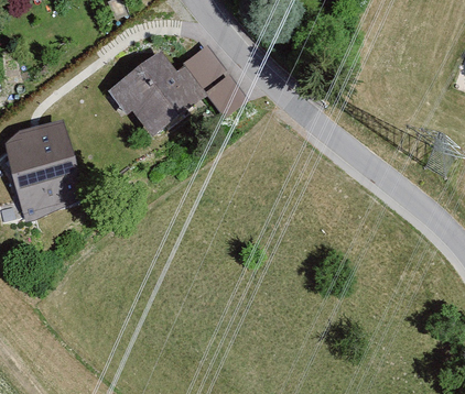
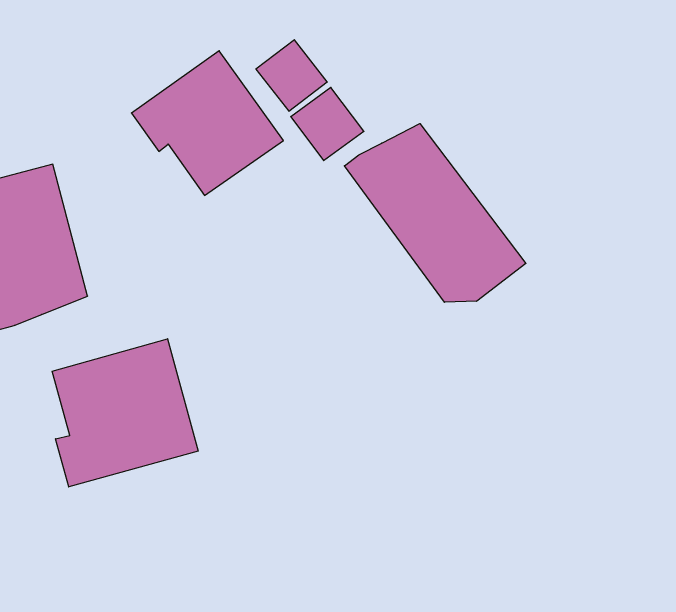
building: none -> [344,124,526,302]
building: none -> [52,339,198,487]

